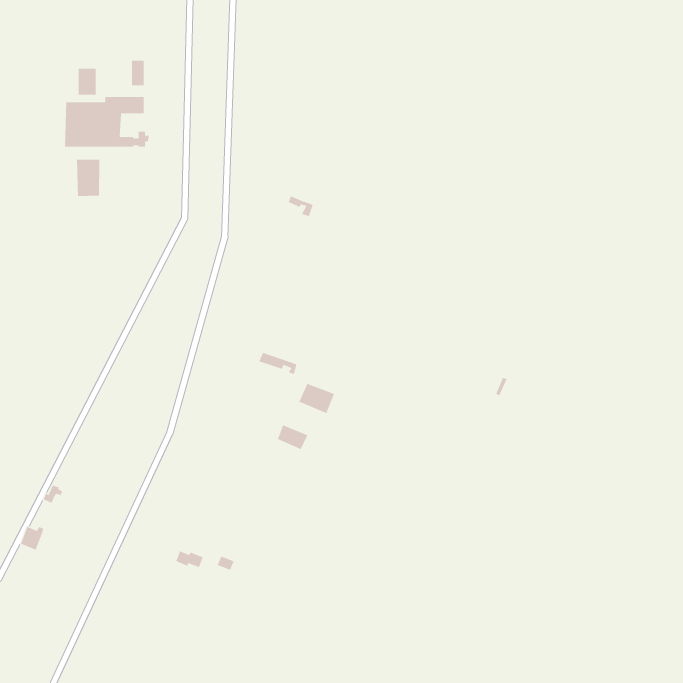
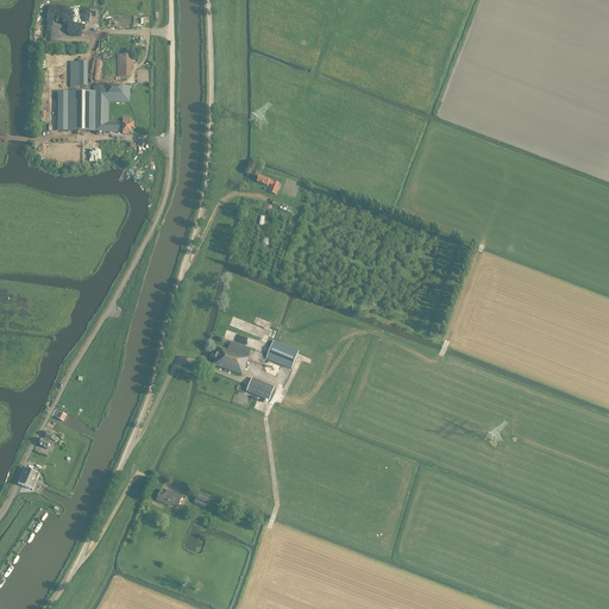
building: [77,159,100,197] -> none
building: none -> [213,340,251,373]

